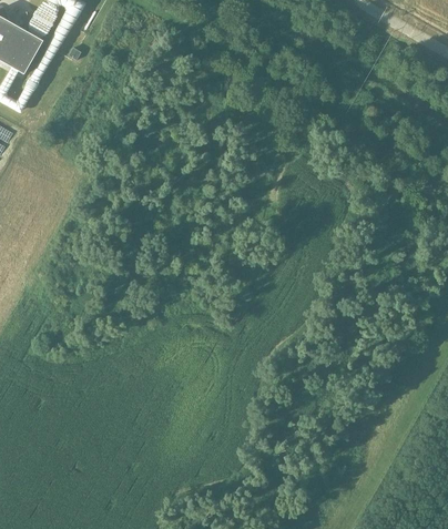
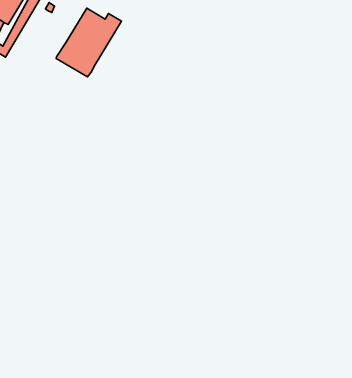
building: none -> [56,8,121,77]

